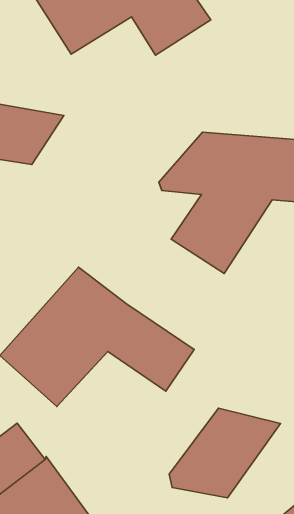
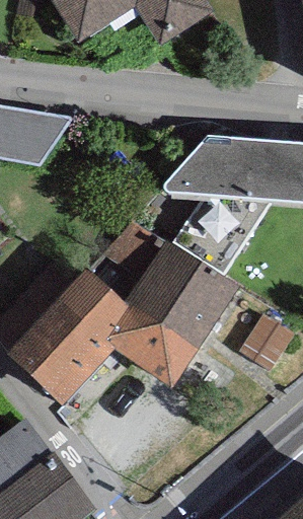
building: none -> [93,220,238,345]
building: [169,408,281,498] -> none

